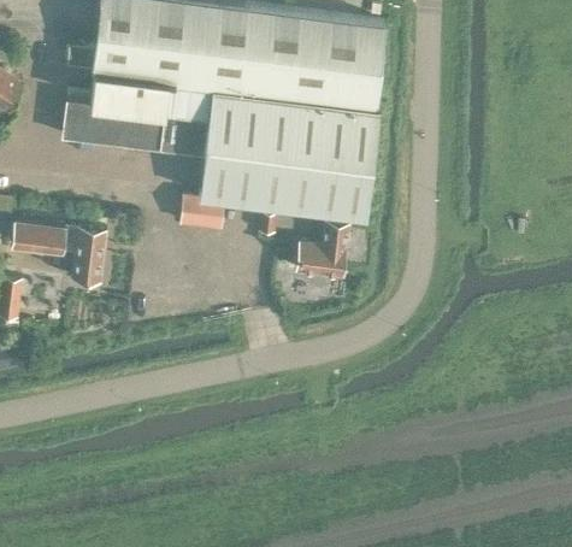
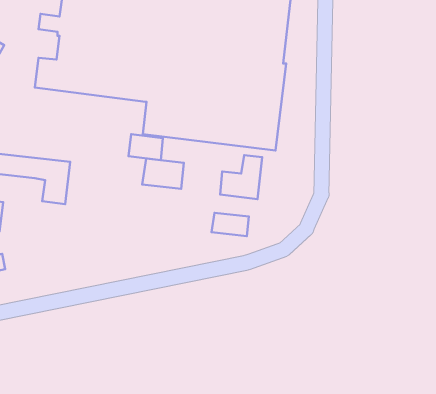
building: none -> [142,158,184,189]
building: none -> [211,213,249,236]

